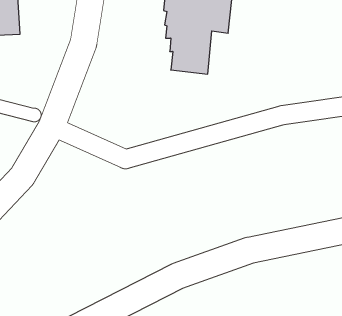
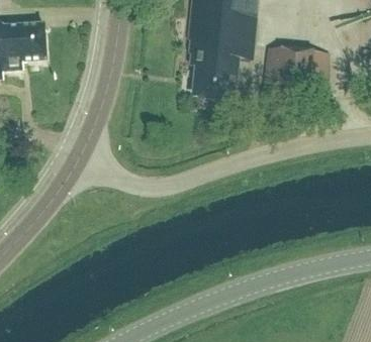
building: none -> [262,45,326,86]

